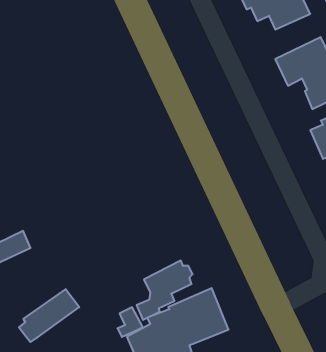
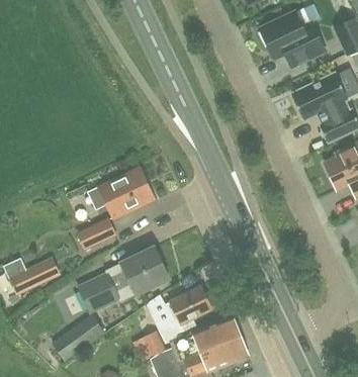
building: none -> [88,167,155,217]
building: none -> [78,218,114,248]
building: none -> [79,248,169,310]

